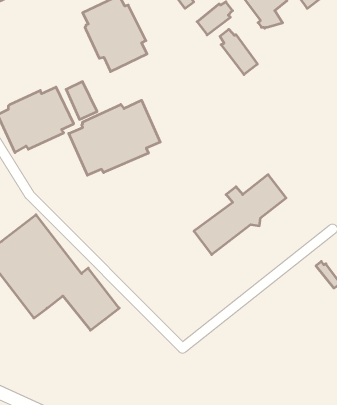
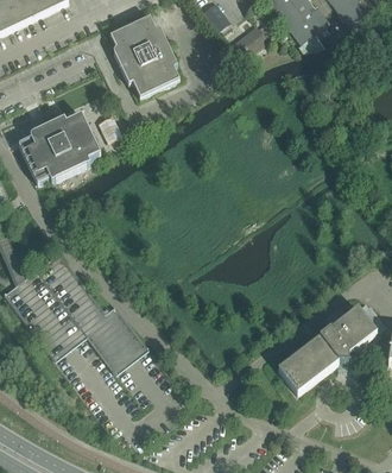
building: [220,29,257,75] -> none
building: [69,100,160,175] -> none
building: [194,175,286,255] -> [278,305,377,391]

